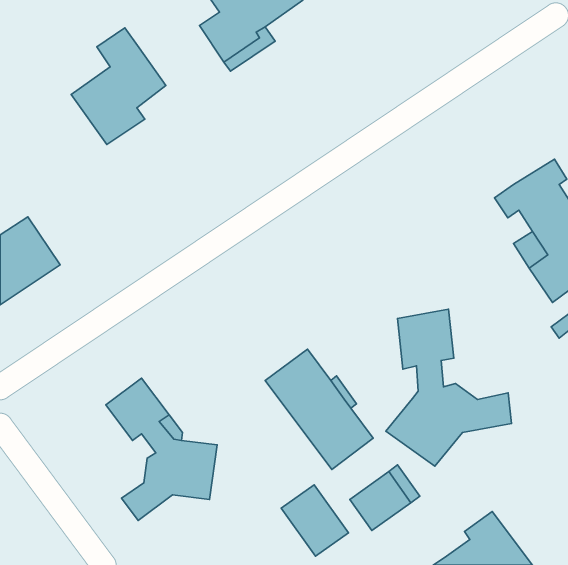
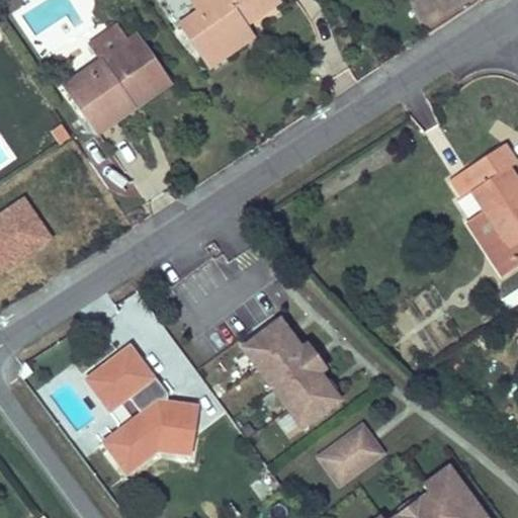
building: none -> [125,36,169,108]
building: [386,309,512,466] -> none
building: none -> [85,368,135,453]
building: [281,485,348,556] -> none

